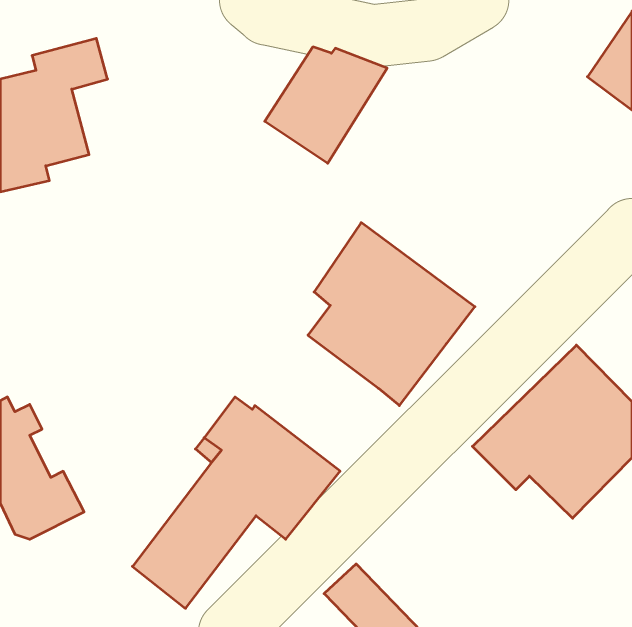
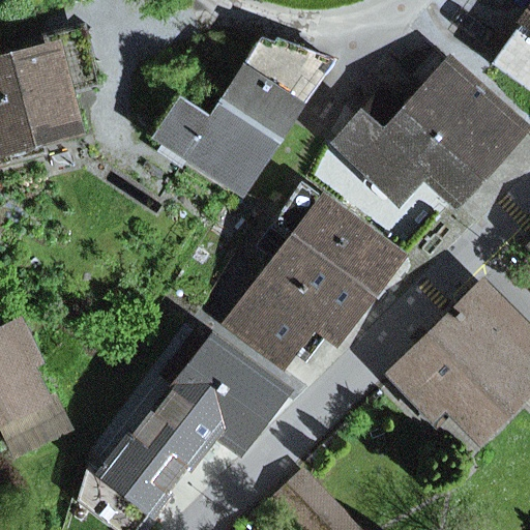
building: none -> [336,64,522,204]
building: none -> [158,106,274,194]
building: none -> [225,285,317,373]

